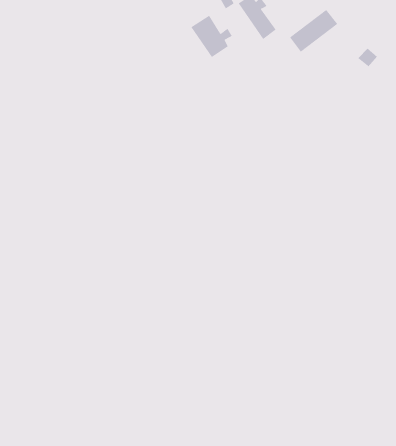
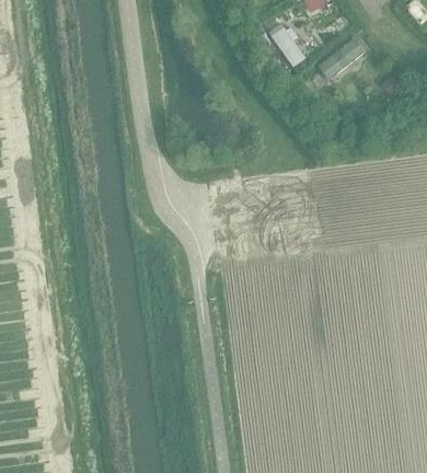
building: [190,15,233,58] -> none

